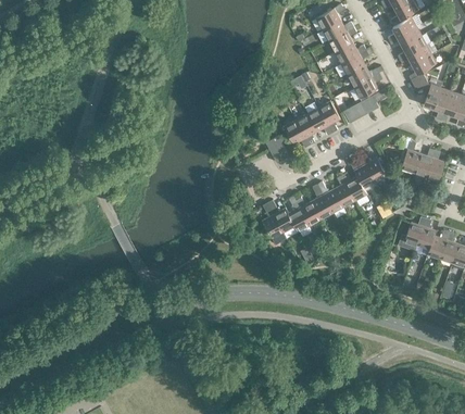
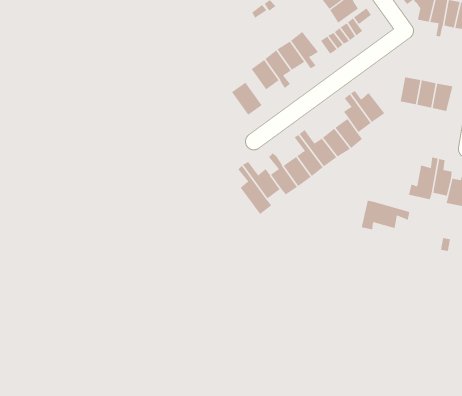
building: none -> [361,200,410,230]

